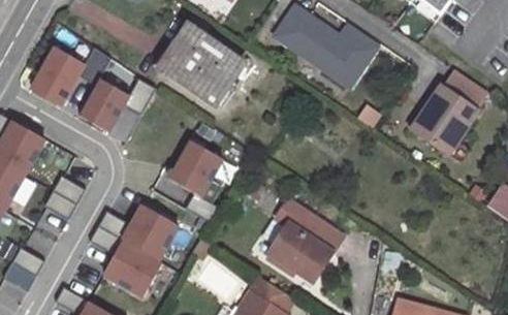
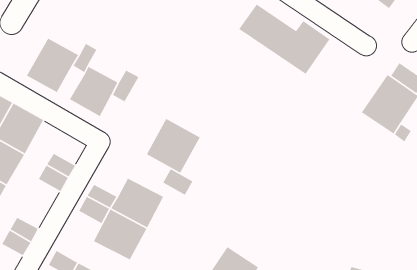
building: [156,24,241,103] -> none
building: [265,202,342,284] -> none

